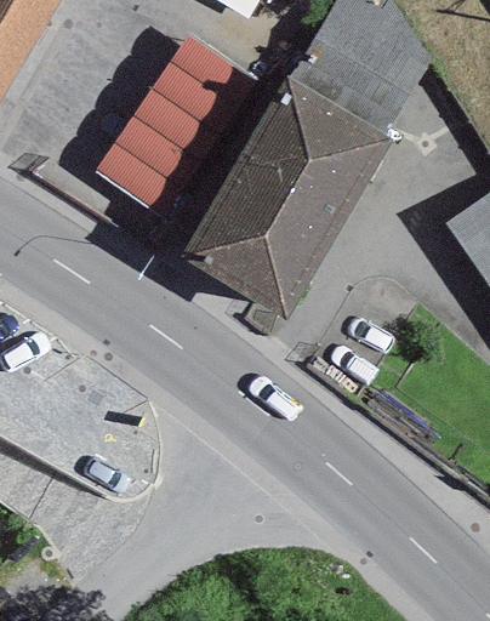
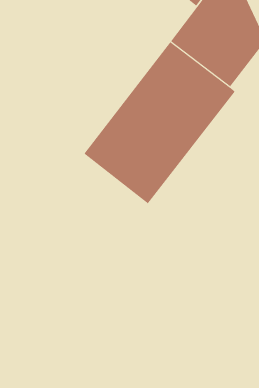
building: [95,33,260,221] -> none

